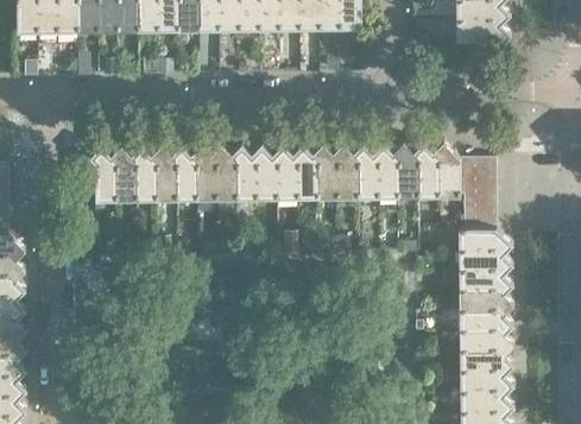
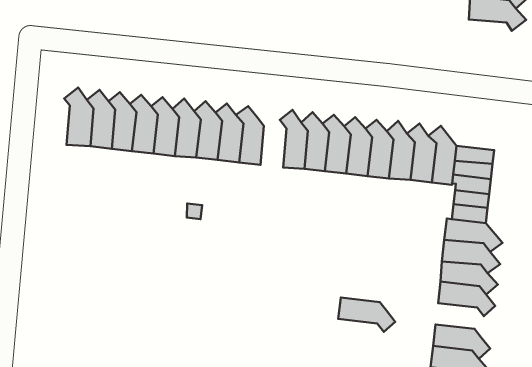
building: [270,147,299,201] -> none
building: [459,310,512,337] -> [338,298,395,332]

